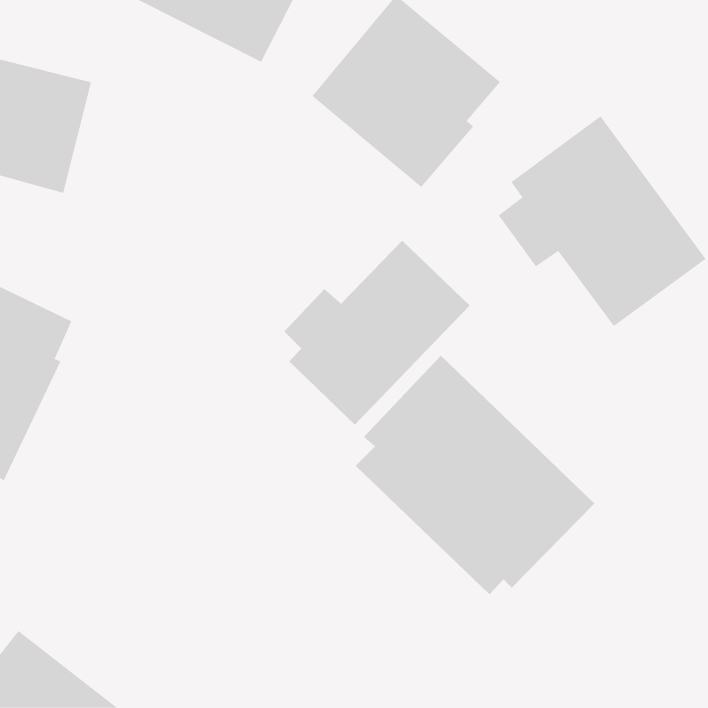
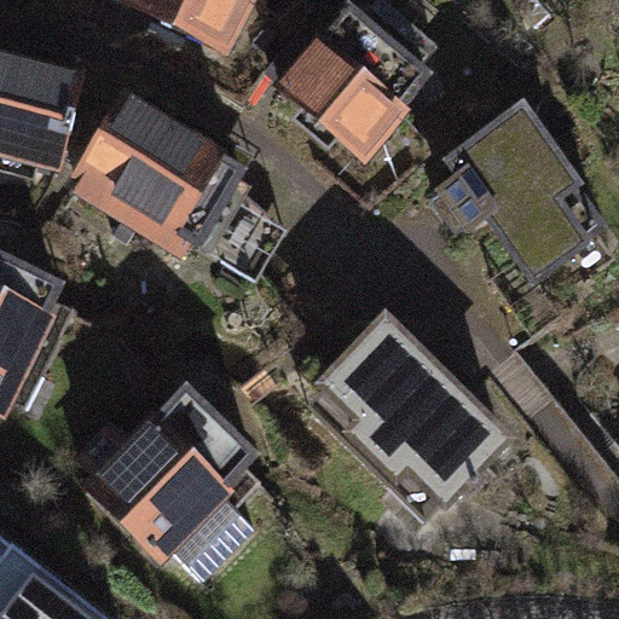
building: none -> [69,91,247,260]
building: [283,240,471,426] -> none
building: none -> [69,382,258,582]

